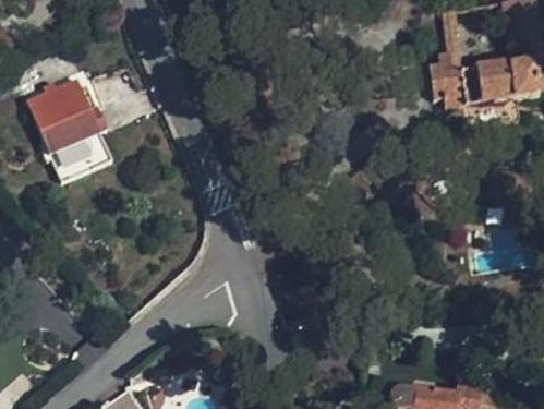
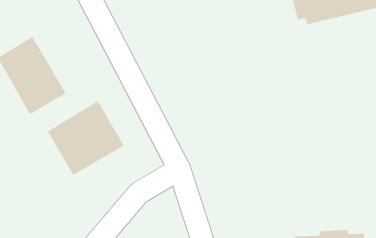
building: none -> [47,100,124,176]

